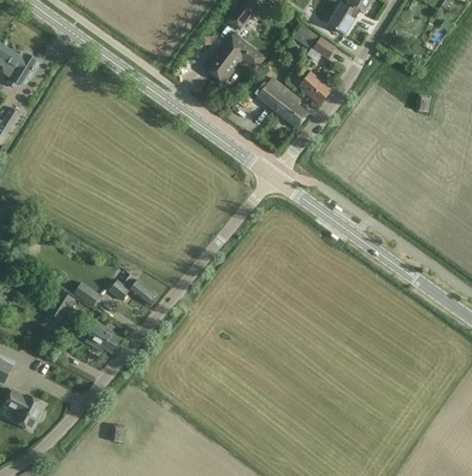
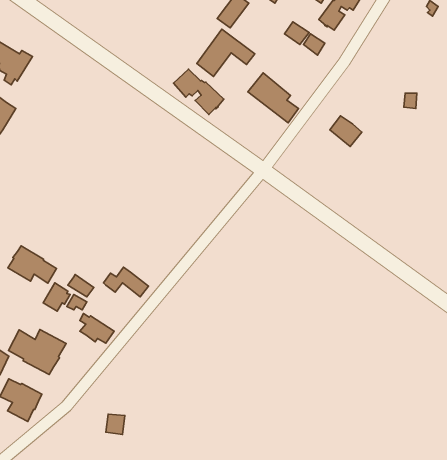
building: none -> [173,69,224,114]
building: [297,74,330,105] -> [330,116,362,146]
building: none -> [8,246,56,283]
building: none -> [8,329,66,375]

